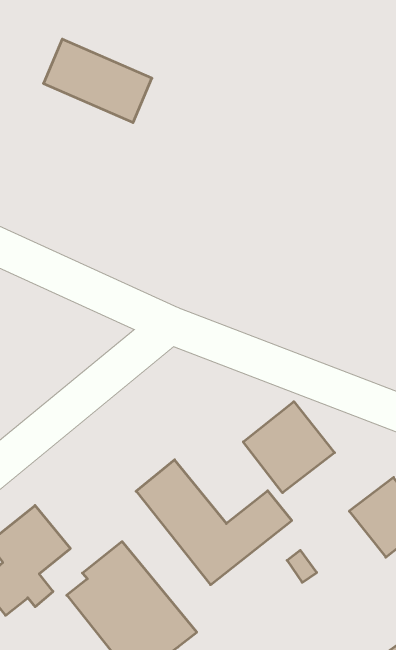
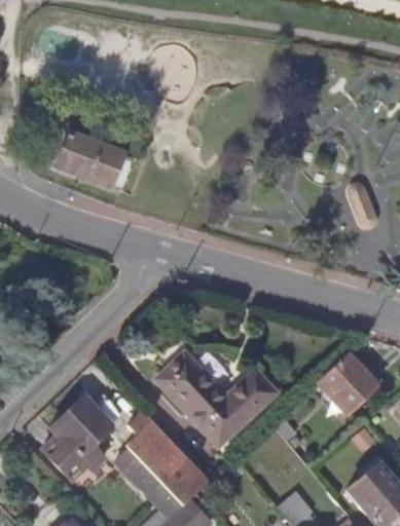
building: [43,39,152,123] -> [56,134,136,191]
building: [243,402,335,493] -> none

